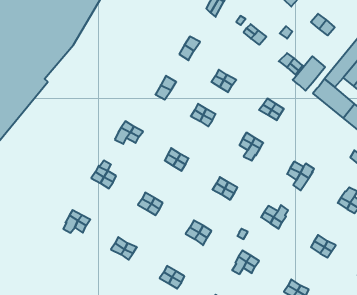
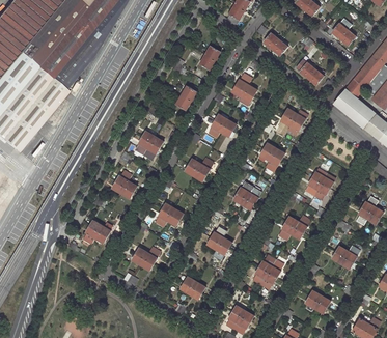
building: [293,56,325,91] -> none

